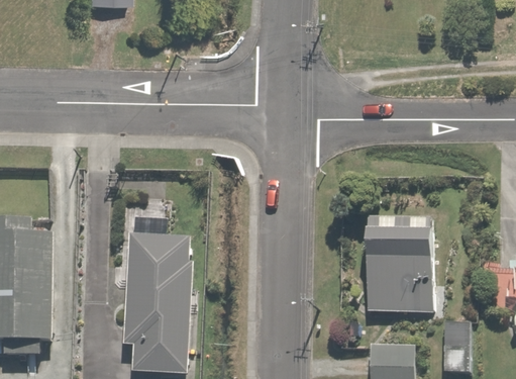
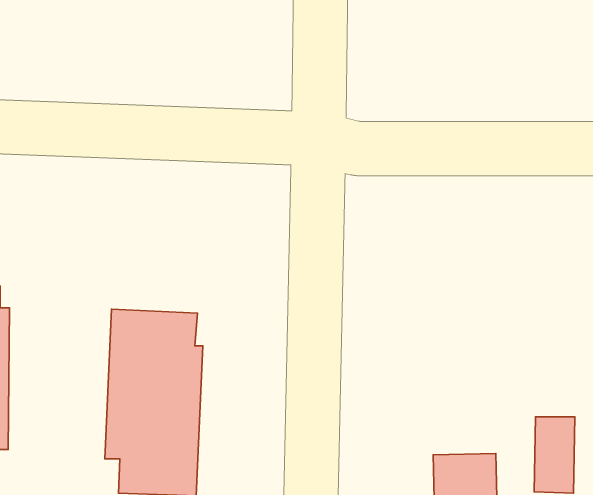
building: [365,214,435,312] -> none

